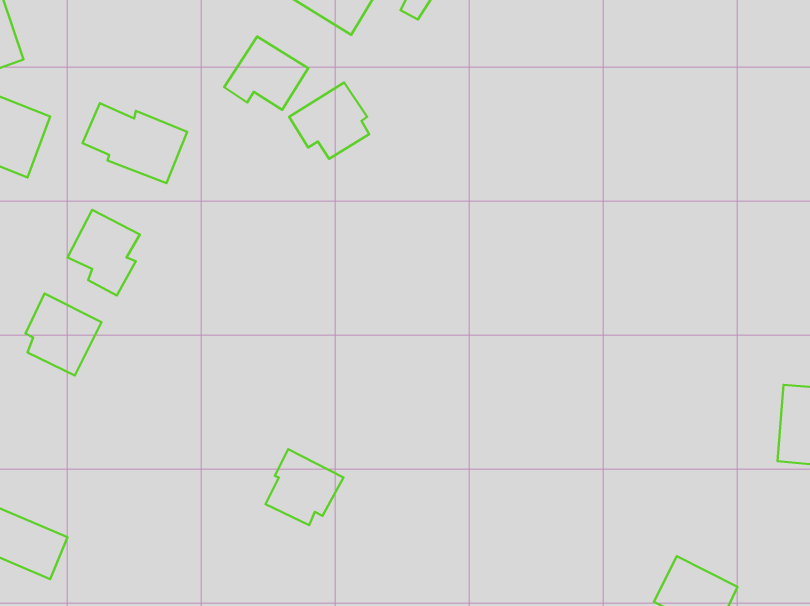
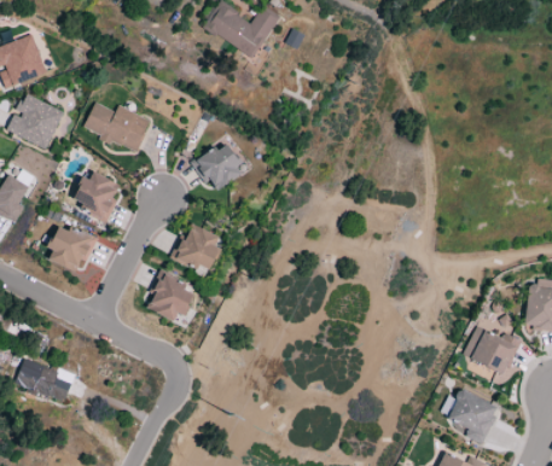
building: [224,37,308,110] -> none
building: [289,83,369,159] -> [192,141,243,190]
building: none -> [174,222,221,273]
building: [265,449,344,525] -> [147,273,197,321]
building: none -> [464,326,521,374]

